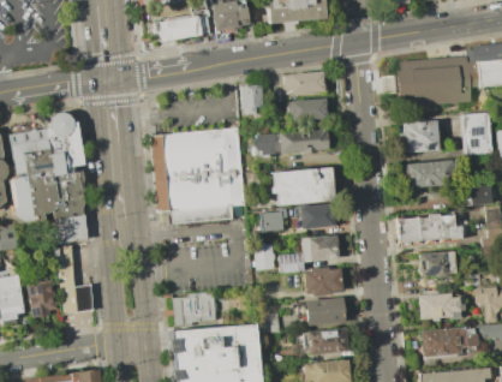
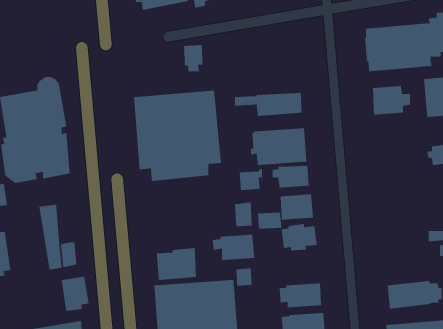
building: [286,71,328,92] -> none
building: [241,84,263,113] -> [183,45,203,72]
building: [294,97,330,119] -> none
building: [406,161,452,189] -> none
building: [56,214,89,243] -> none
building: [398,214,461,245] -> none
building: [418,251,455,277] -> none
building: [26,281,56,318] -> [61,276,89,312]
building: [419,294,465,320] -> none
building: [303,298,348,326] -> [212,234,255,260]

